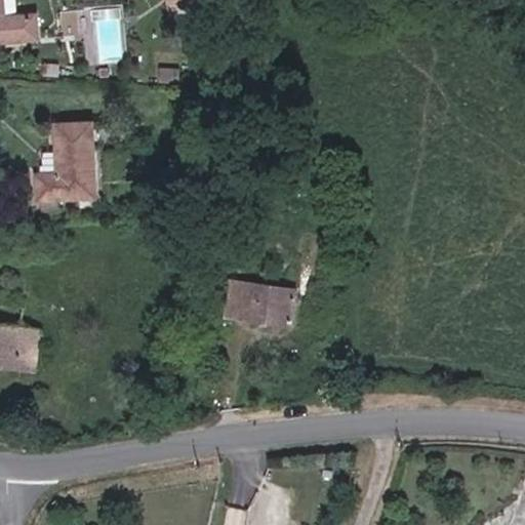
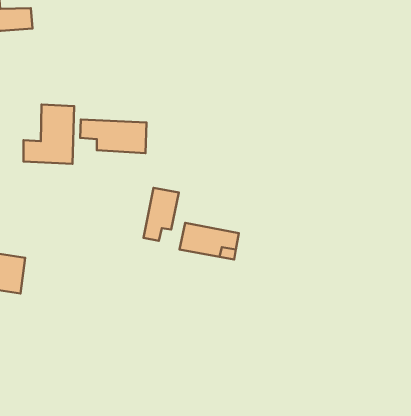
building: none -> [80,119,147,153]
building: none -> [144,188,179,241]

